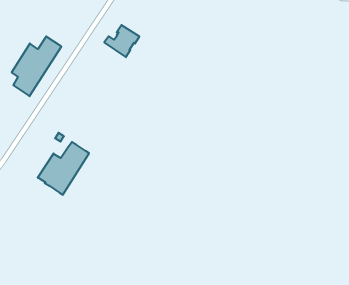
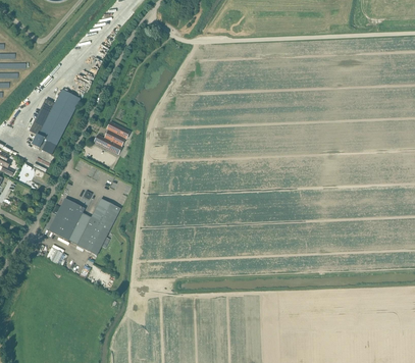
building: [104,25,139,57] -> [94,121,131,155]
building: none -> [48,199,85,241]

